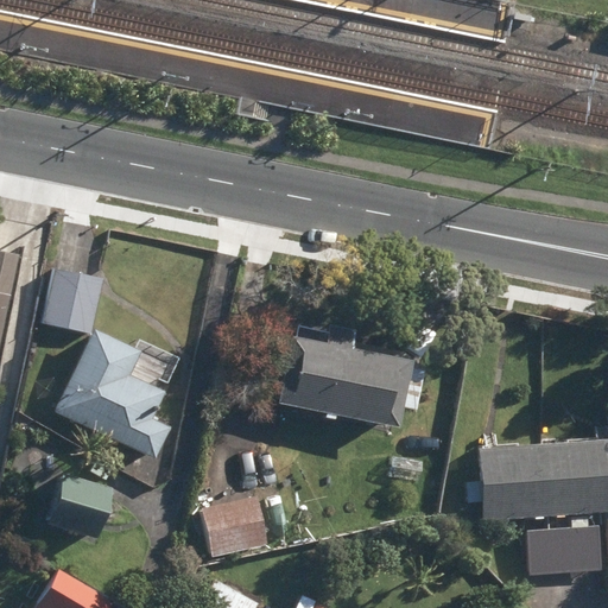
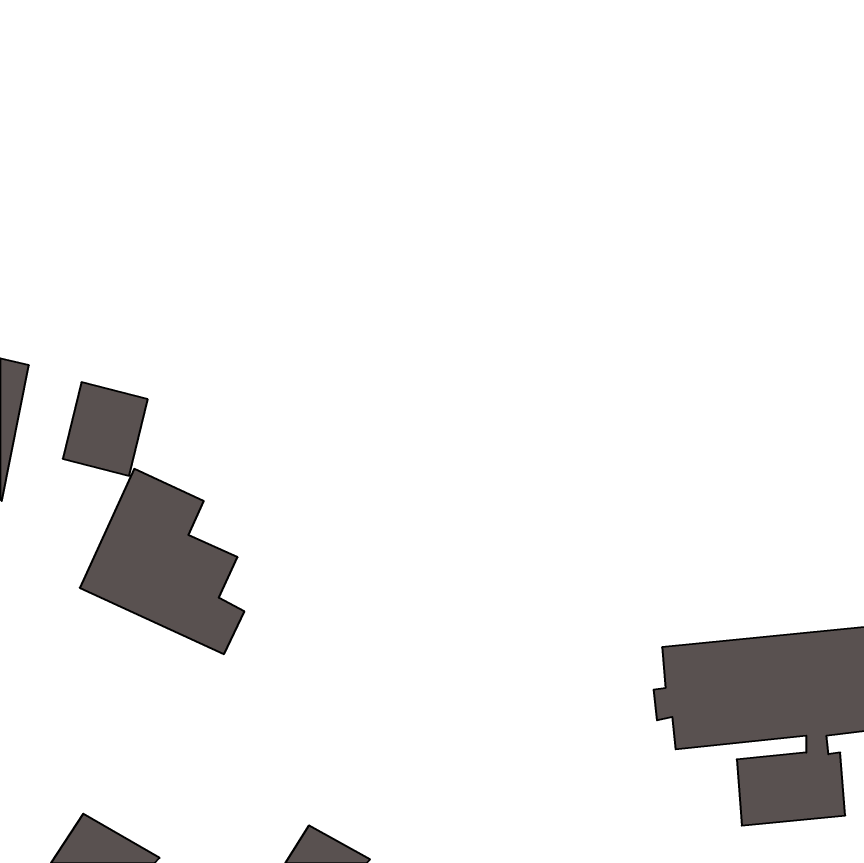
building: [260,328,419,428] -> none
building: [52,474,114,536] -> none
building: [194,496,259,557] -> none

